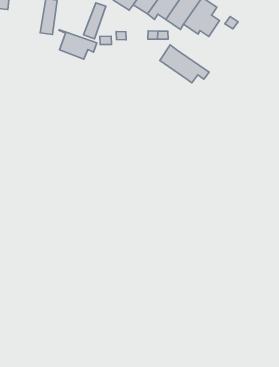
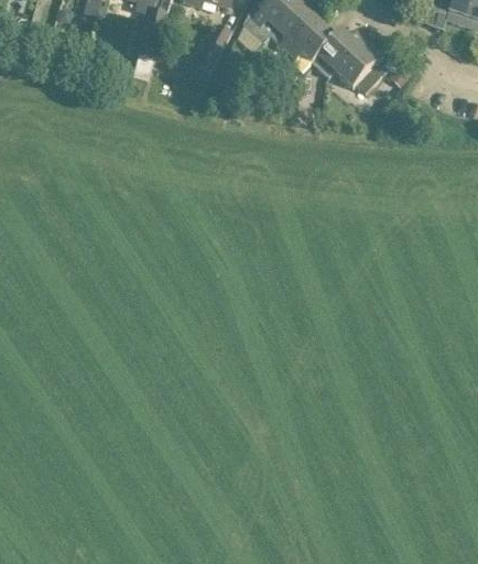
building: [59,30,97,59] -> none
building: [160,45,209,83] -> none

